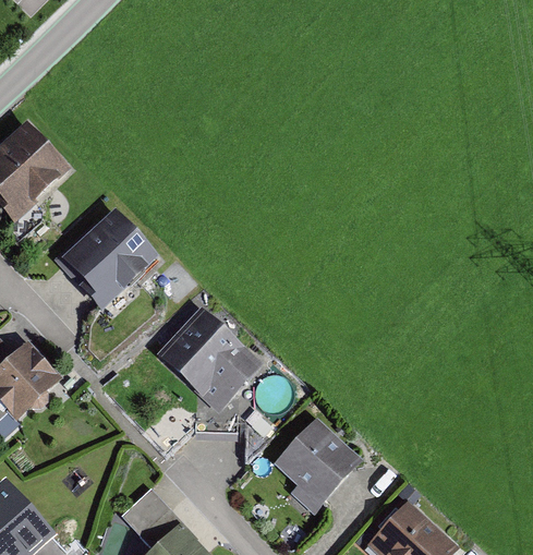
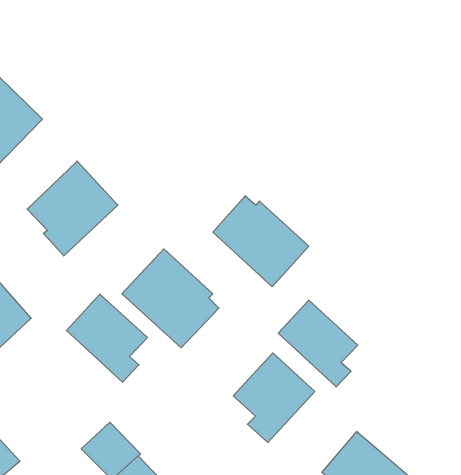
building: none -> [213,196,309,287]
building: none -> [66,294,147,382]
building: none -> [278,300,358,387]

